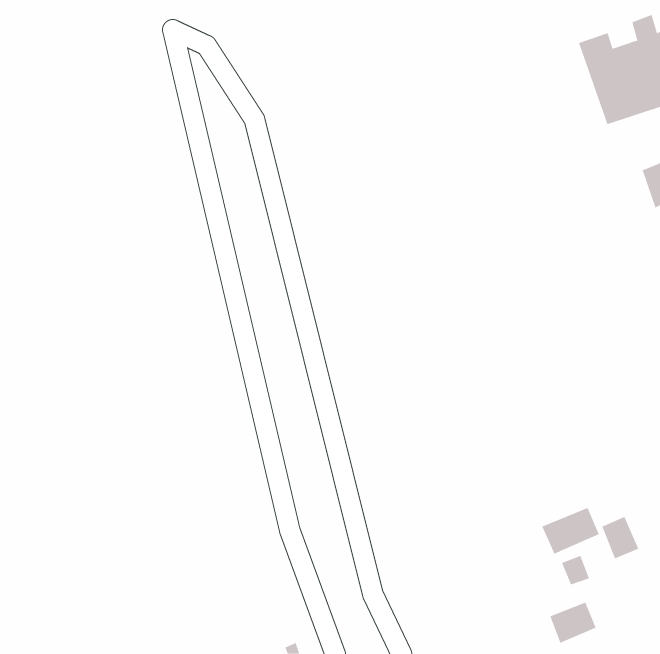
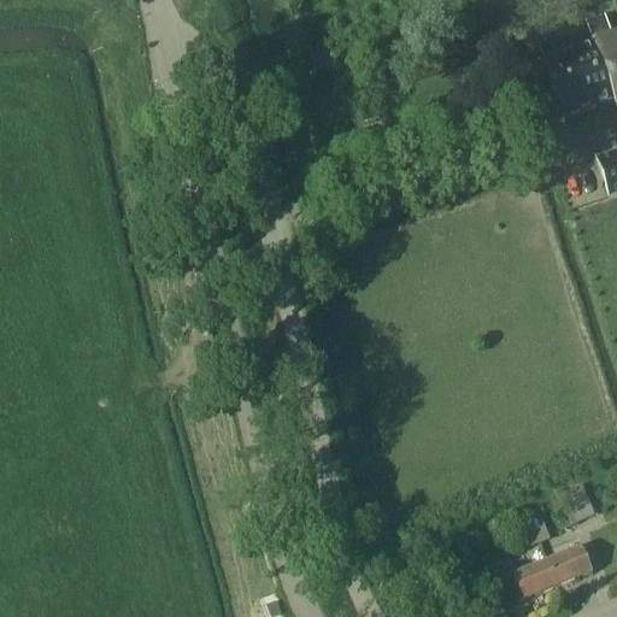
building: [541,507,599,555] -> none
building: none -> [547,543,592,582]

